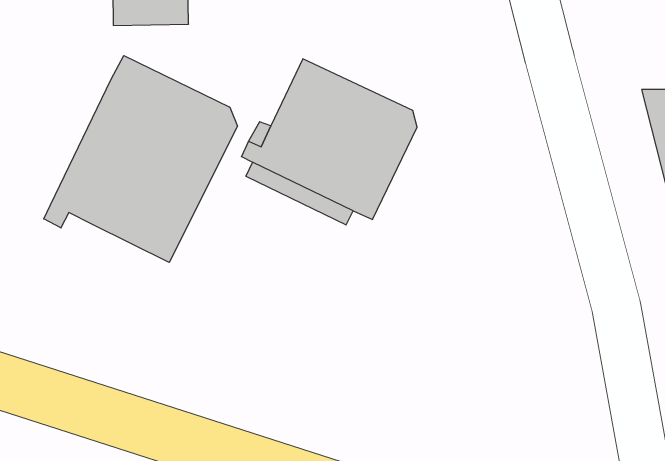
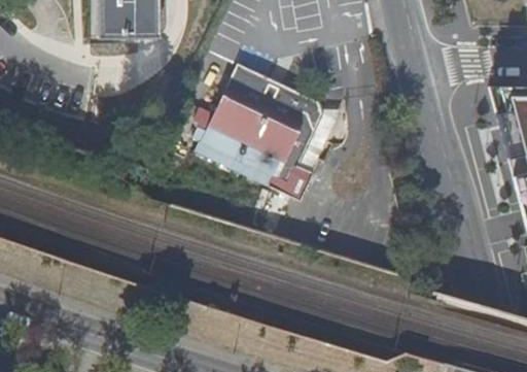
building: [44,56,237,262] -> none

